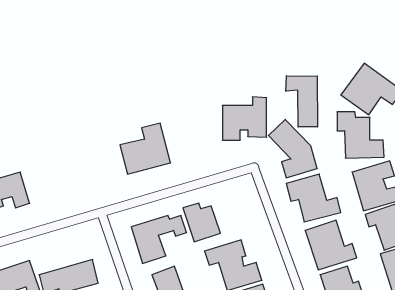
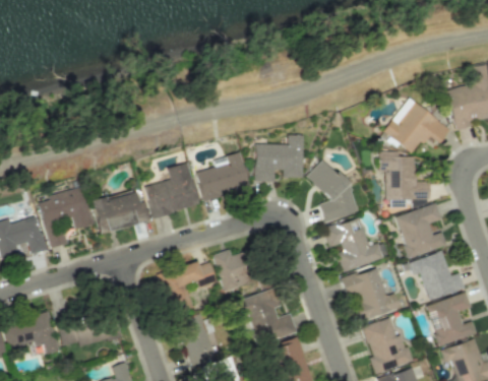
building: [286,76,317,127] -> none
building: none -> [195,152,250,202]
building: none -> [39,188,93,249]
building: none -> [92,191,149,235]

